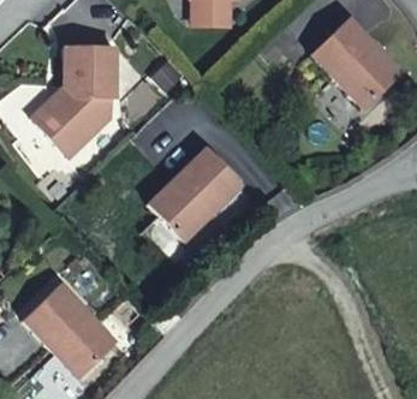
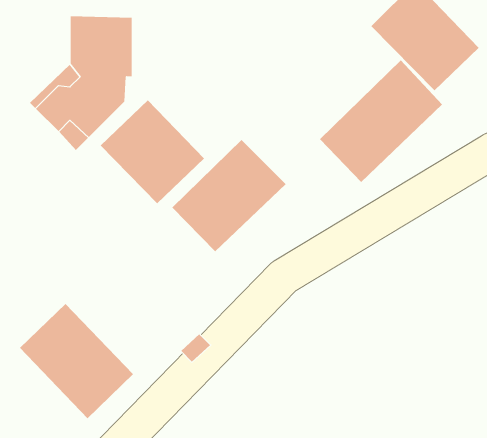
building: none -> [319,60,443,183]
building: none -> [100,100,205,204]

